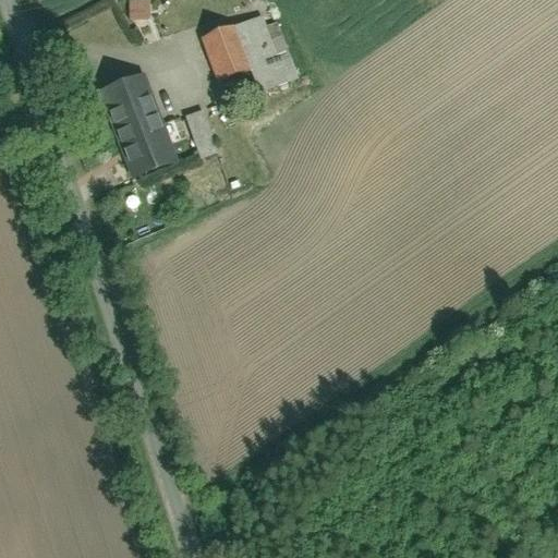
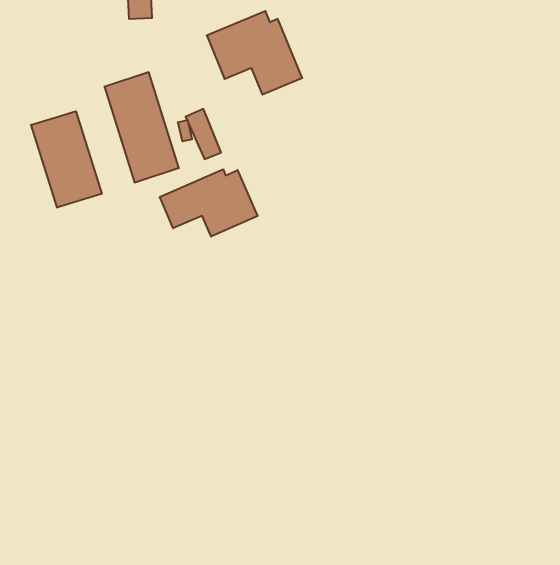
building: none -> [31,111,102,208]
building: none -> [160,169,258,237]

